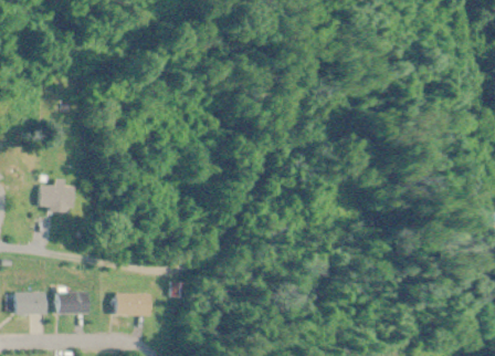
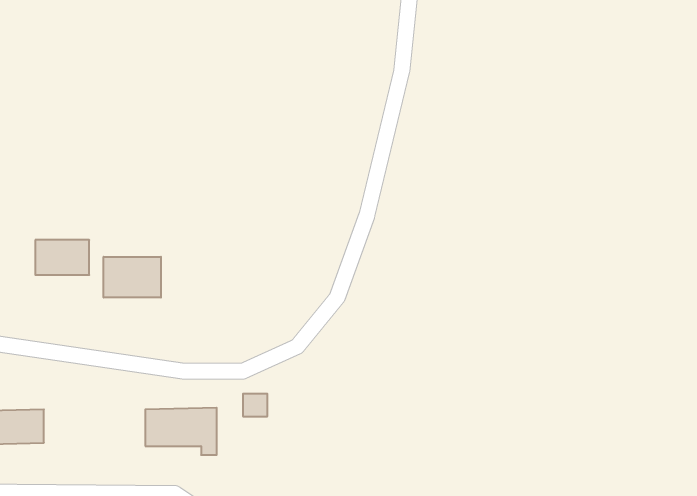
building: none -> [104,257,161,298]
building: [53,291,88,313] -> none

